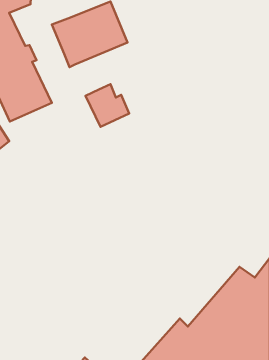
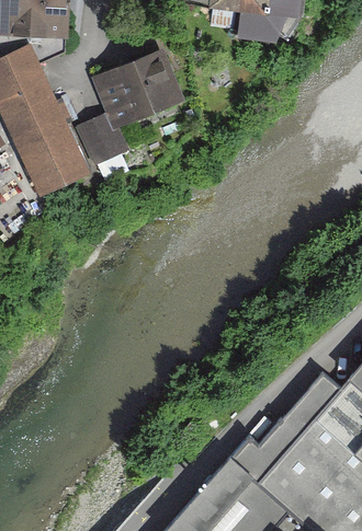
building: [85,84,129,127] -> [76,113,129,165]

